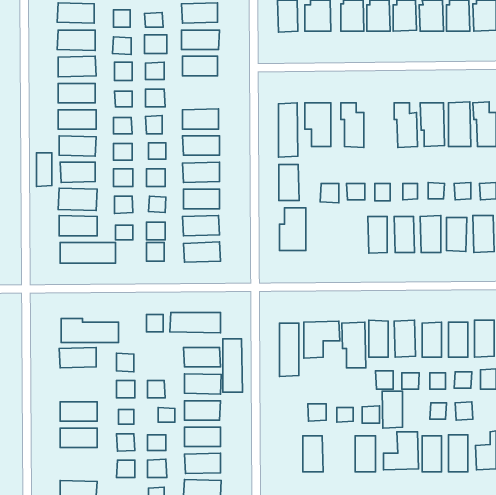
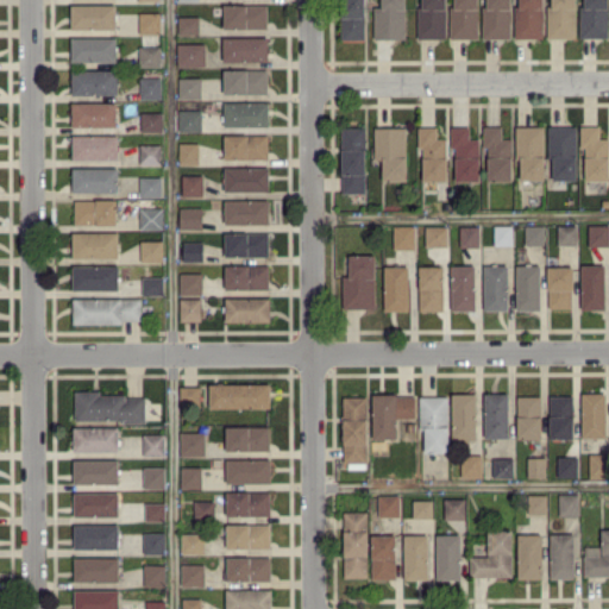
building: none -> [224,102,269,127]
building: none -> [450,127,479,182]
building: [36,153,52,186] -> none
building: [279,165,299,201] -> [384,266,409,310]
building: none -> [419,266,444,312]
building: [223,339,242,392] -> [344,513,368,578]
building: none -> [180,432,206,457]
building: none -> [74,460,119,484]
building: [382,391,402,428] -> [403,535,428,580]
building: none -> [74,558,119,583]

